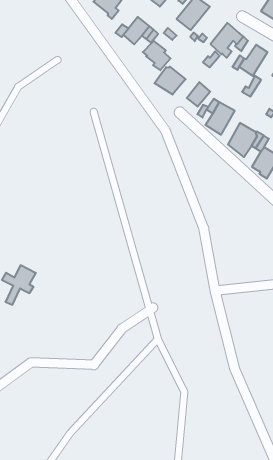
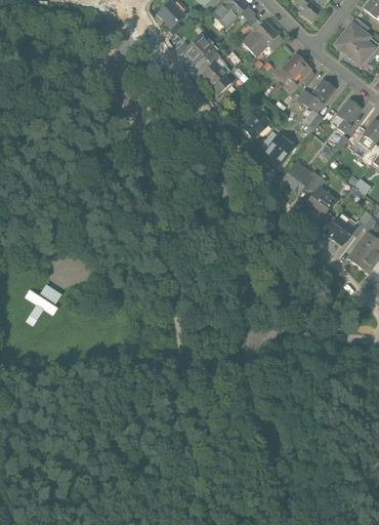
building: [154,67,186,95] -> none

